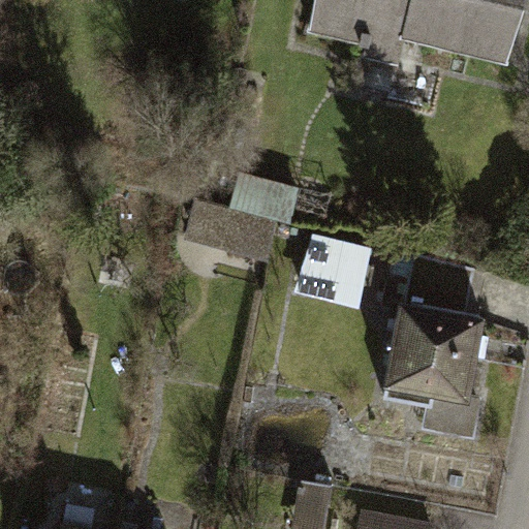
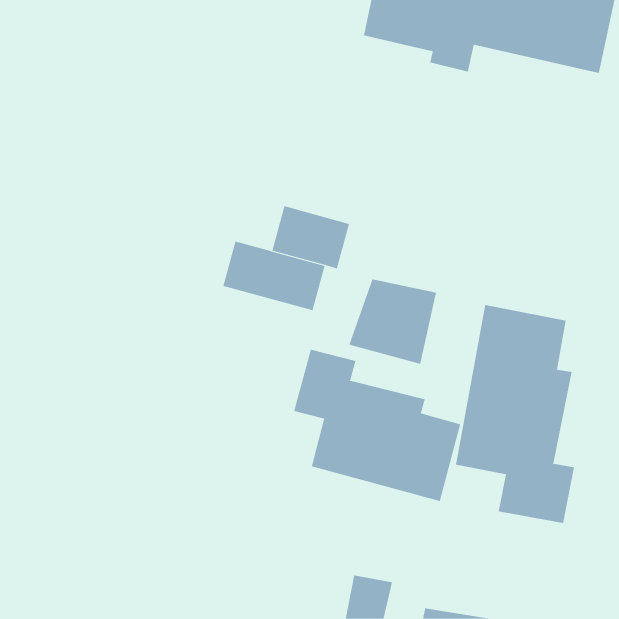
building: none -> [294,349,461,502]

